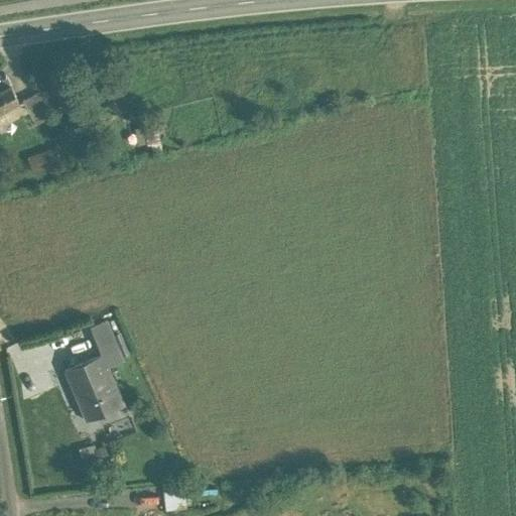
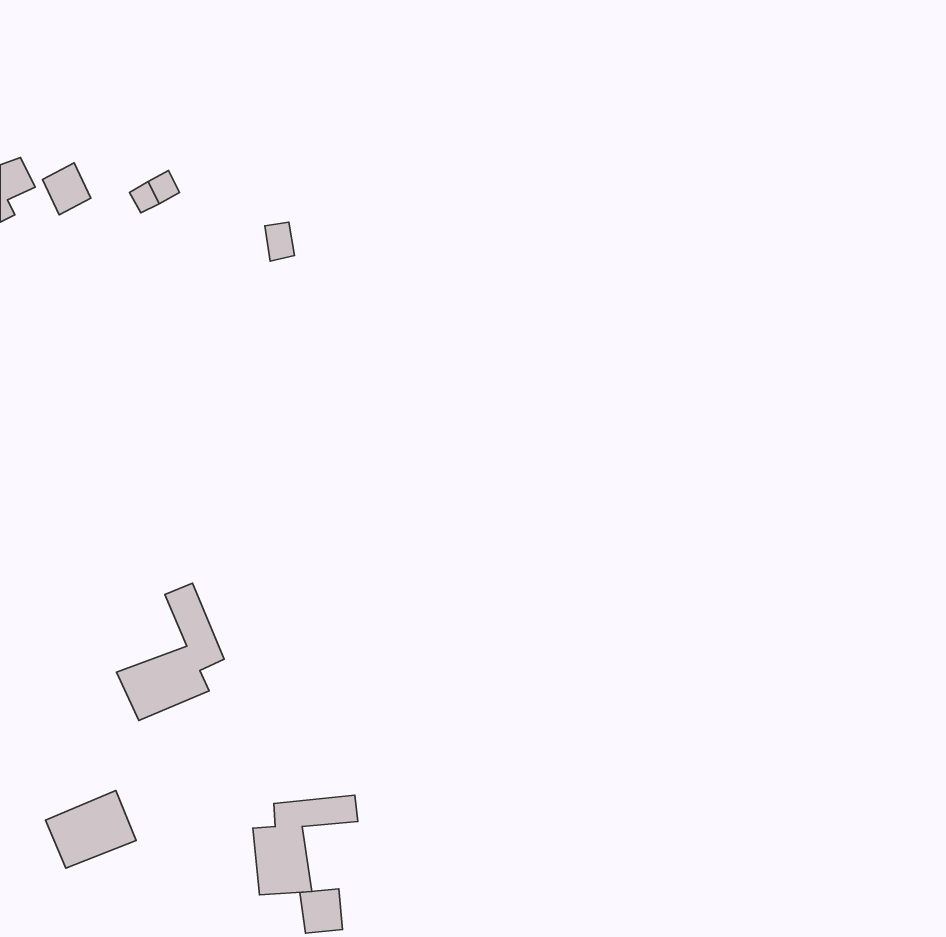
building: [76,381,125,423] -> [45,790,136,868]
building: none -> [253,795,358,895]

